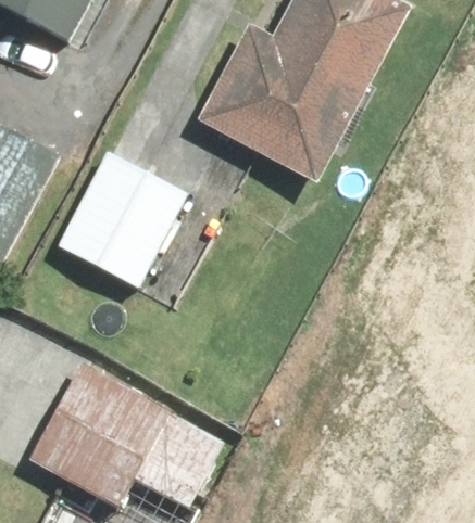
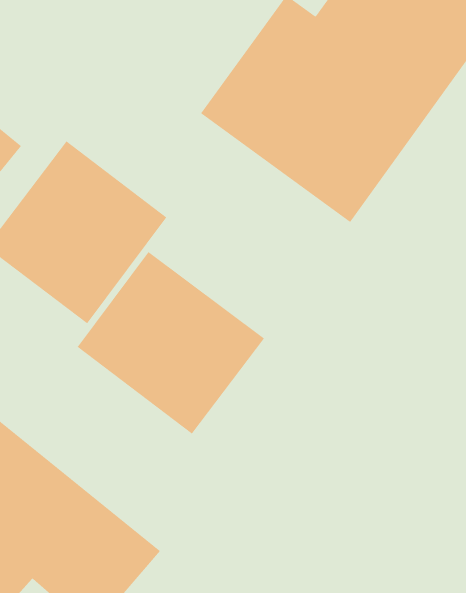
building: none -> [77,251,265,435]

